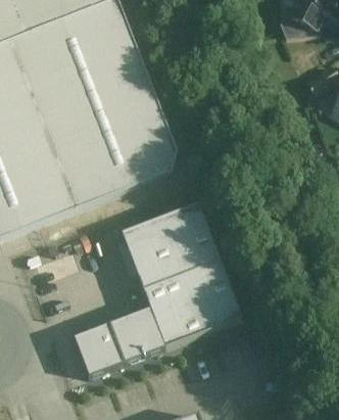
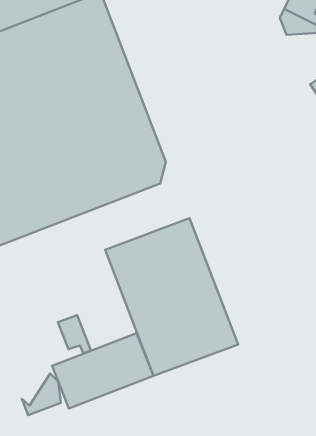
building: none -> [58,315,91,354]
building: none -> [22,373,61,415]

